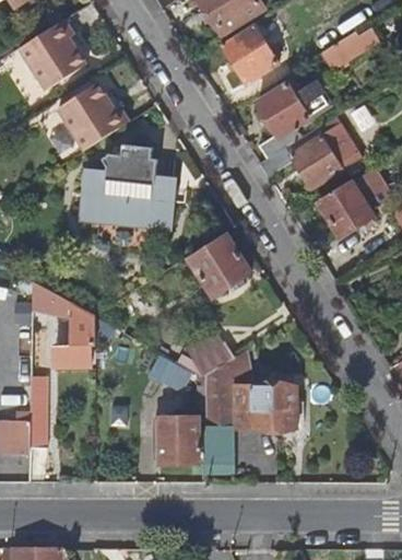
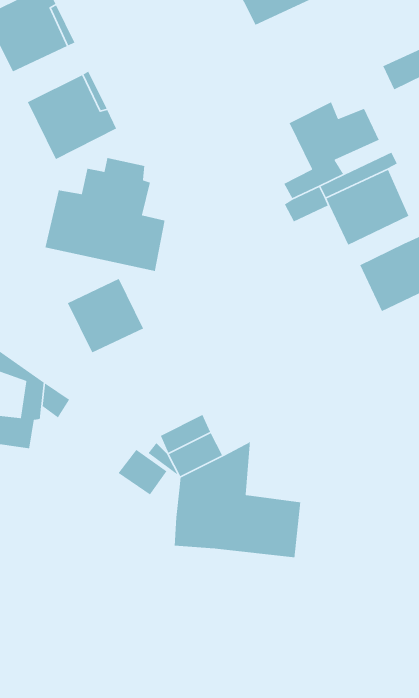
building: [220,25,276,84] -> none
building: [189,236,249,295] -> [67,278,144,354]
building: [157,417,199,464] -> none
building: [204,429,235,474] -> none

